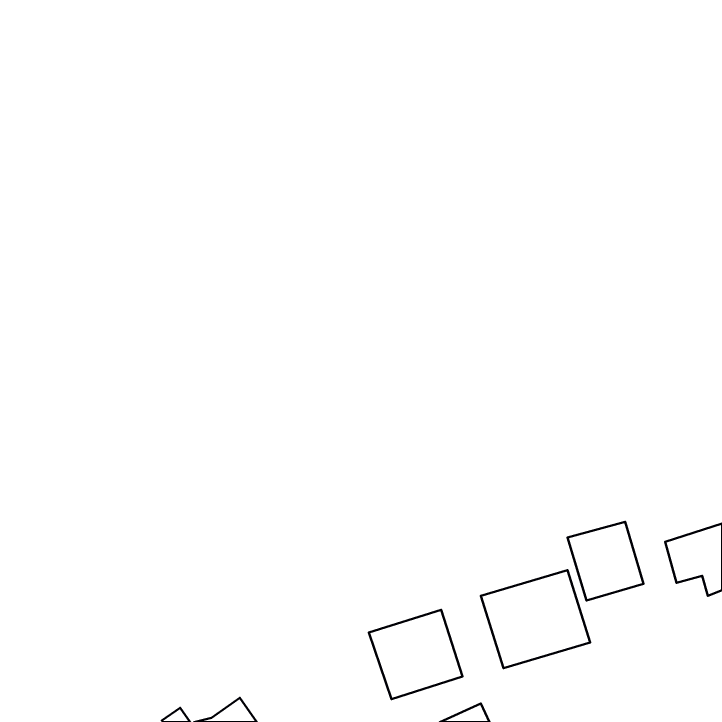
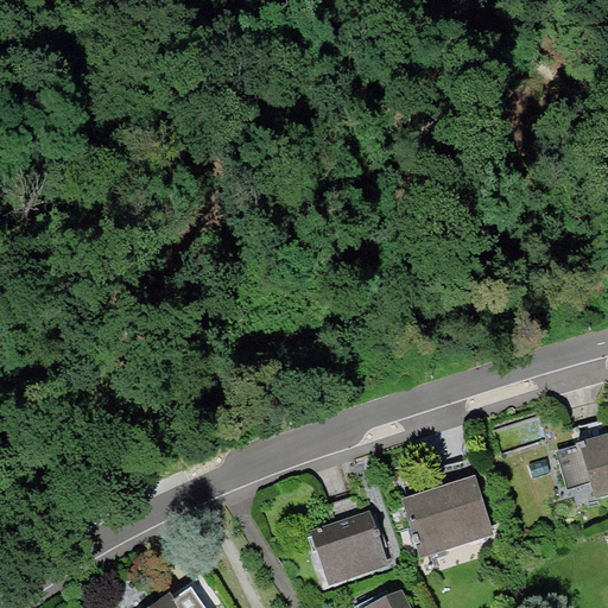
building: [568,522,643,601] -> none

